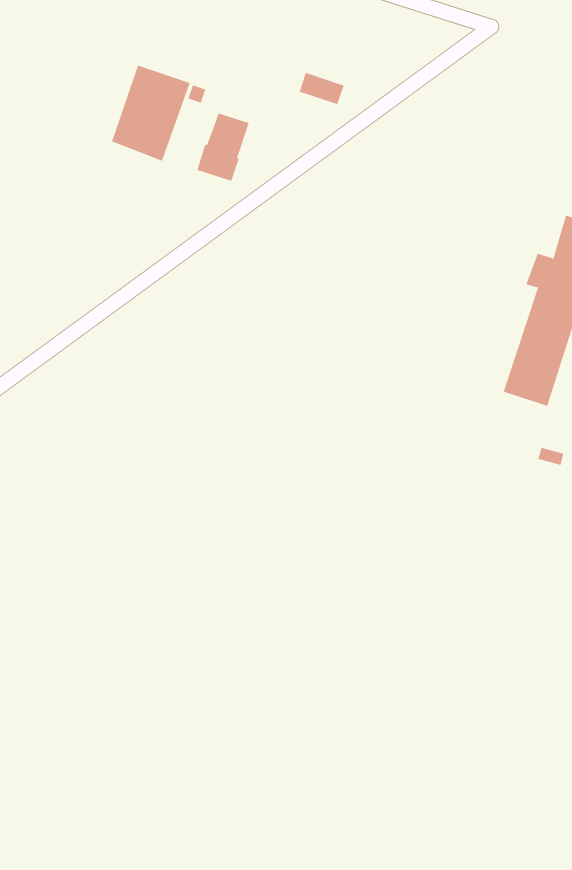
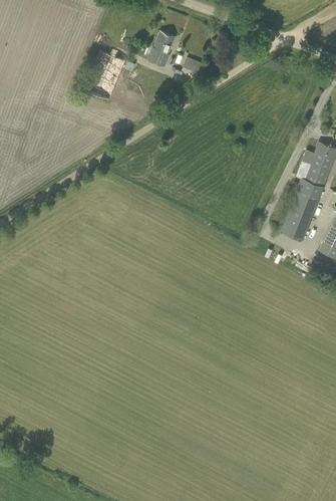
building: [196,113,249,181] -> [146,30,176,66]

